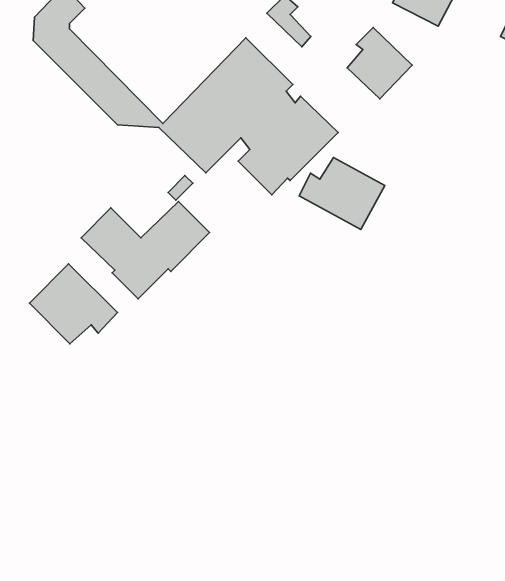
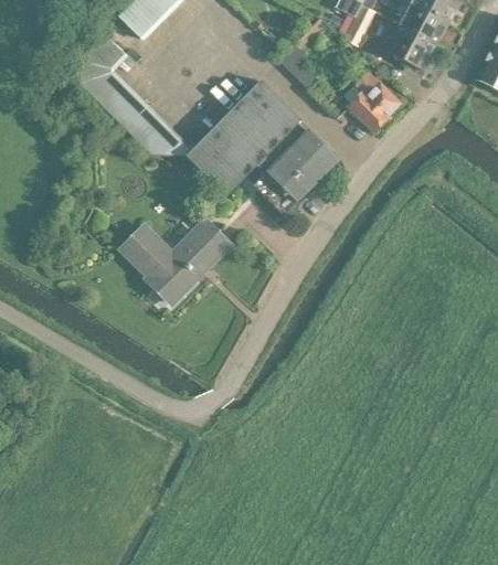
building: [299,158,385,229] -> none
building: [29,264,118,344] -> none

